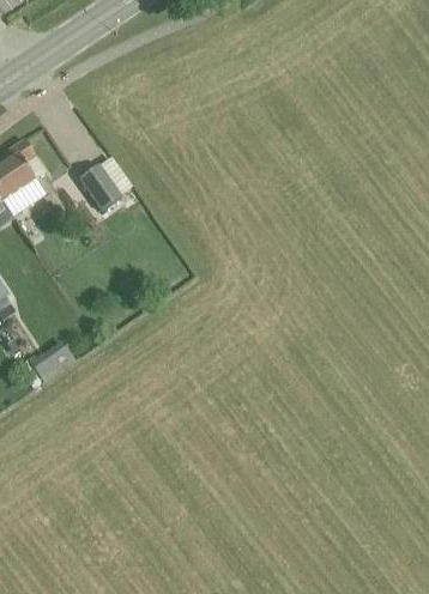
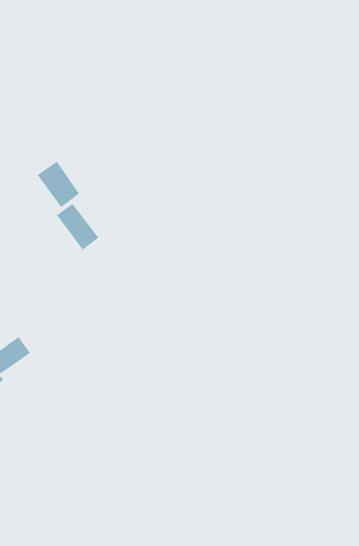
building: none -> [56,203,99,251]

